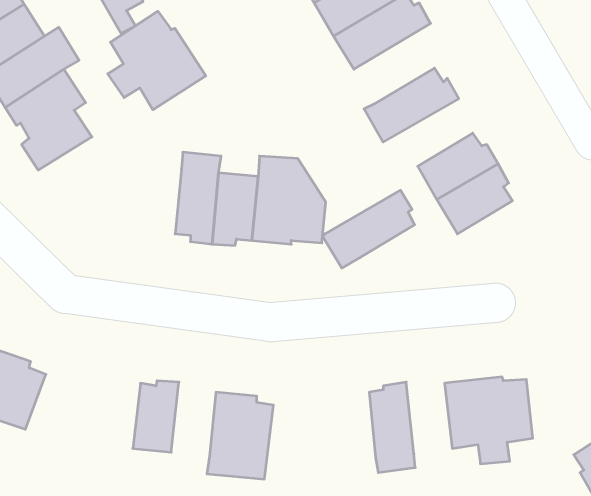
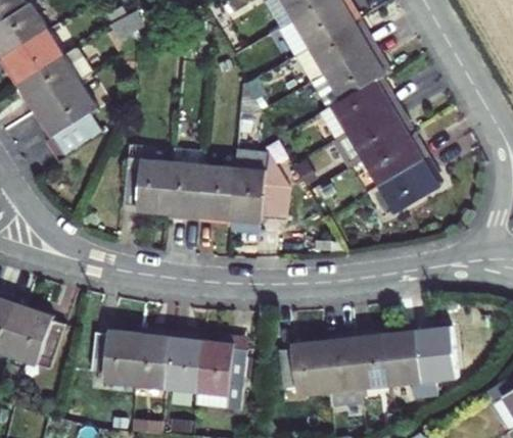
building: [108,11,206,110] -> none
building: none -> [313,45,386,109]
building: none -> [125,157,175,213]
building: [323,190,415,268] -> [334,105,408,167]
building: none -> [92,330,142,385]
building: none -> [355,331,391,389]
building: none -> [167,332,202,391]
building: none -> [279,340,330,395]

